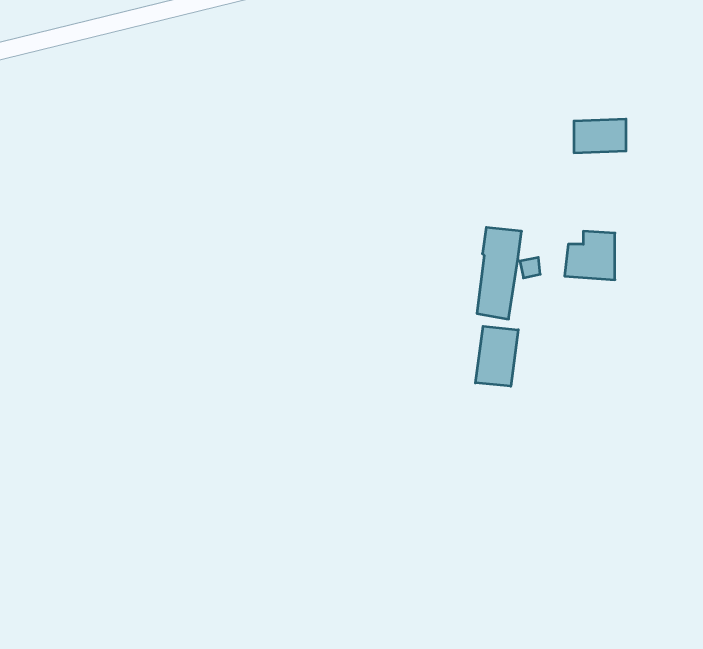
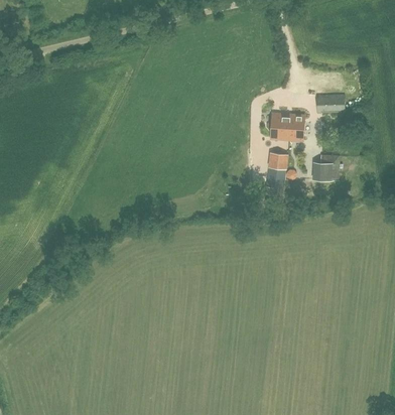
building: none -> [270,113,304,140]
building: [475,326,518,386] -> none

